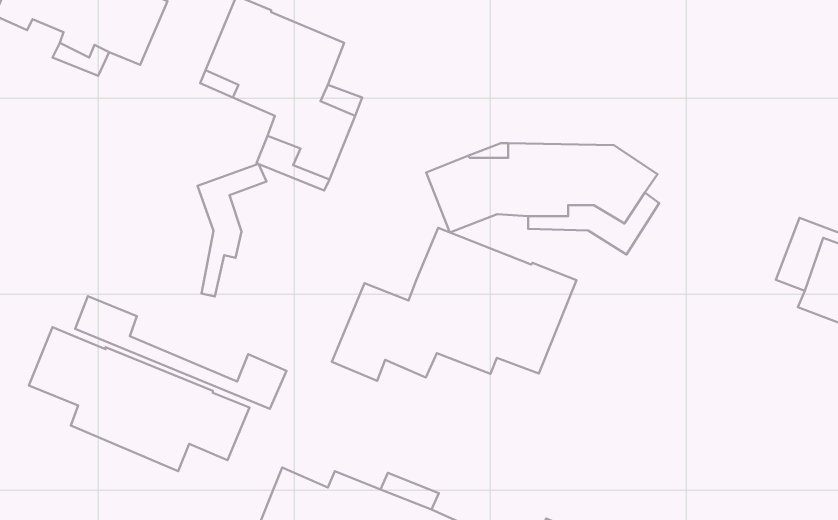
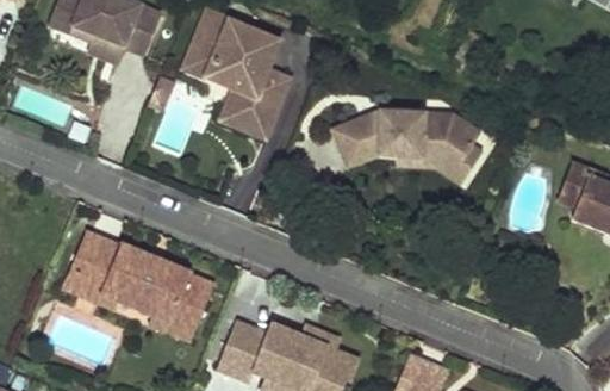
building: [198,164,266,297] -> none
building: [332,228,577,381] -> none
building: [75,296,286,409] -> [62,267,200,341]

